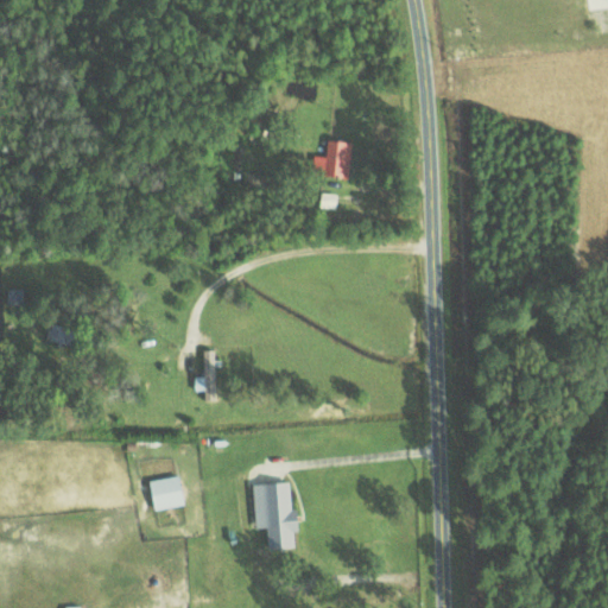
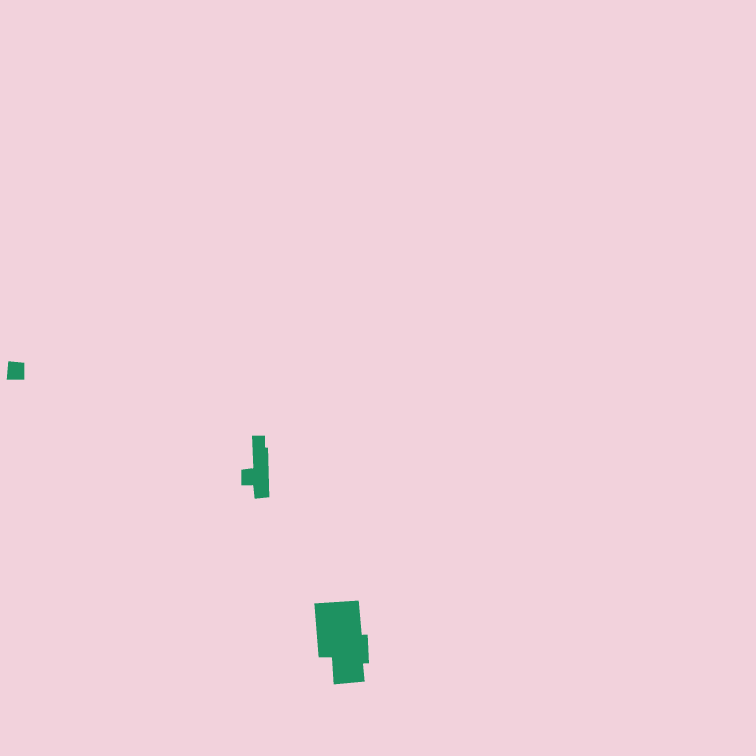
building: [318,141,352,179] -> none
building: [150,476,184,509] -> none

